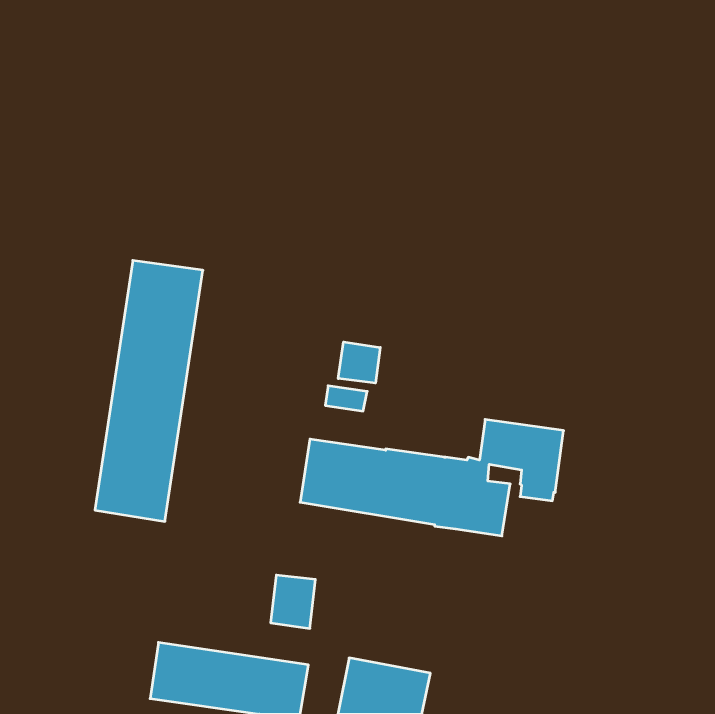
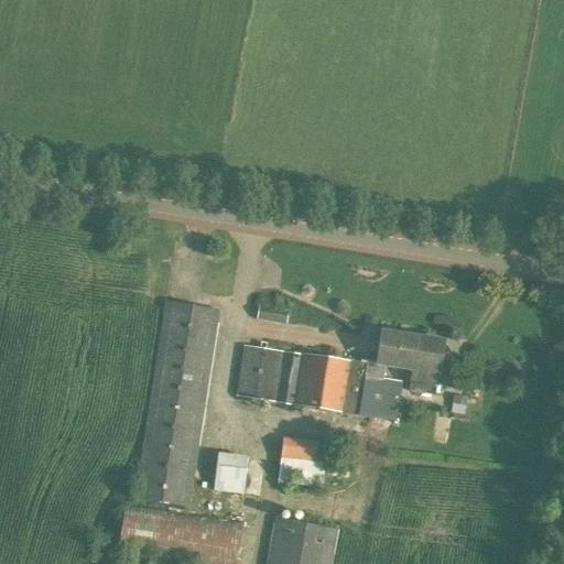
building: [95,260,203,521] -> [135,301,220,506]
building: [338,342,380,383] -> none
building: none -> [278,437,327,486]

